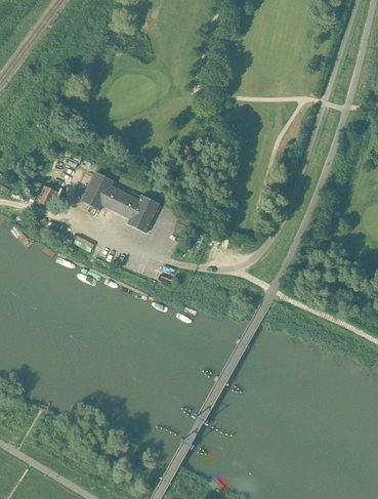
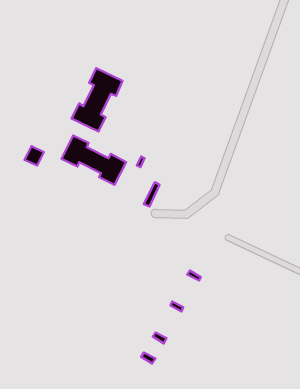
building: none -> [72,68,122,132]

